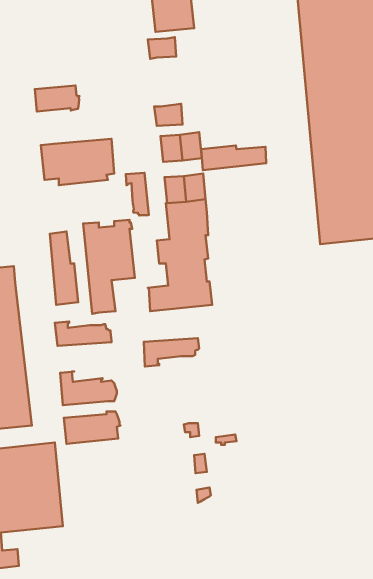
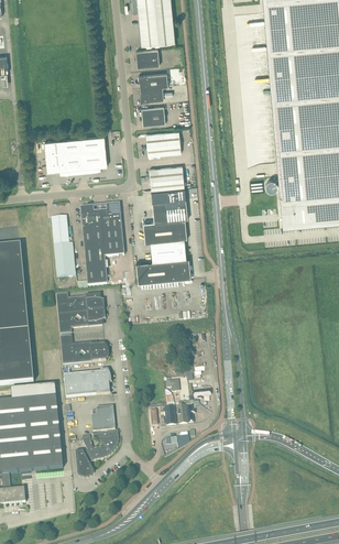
building: none -> [139,73,168,101]
building: [35,86,80,111] -> none
building: [201,146,266,170] -> none
building: [126,173,149,216] -> none
building: [144,338,199,366] -> [58,309,106,334]
building: none -> [75,405,119,477]

